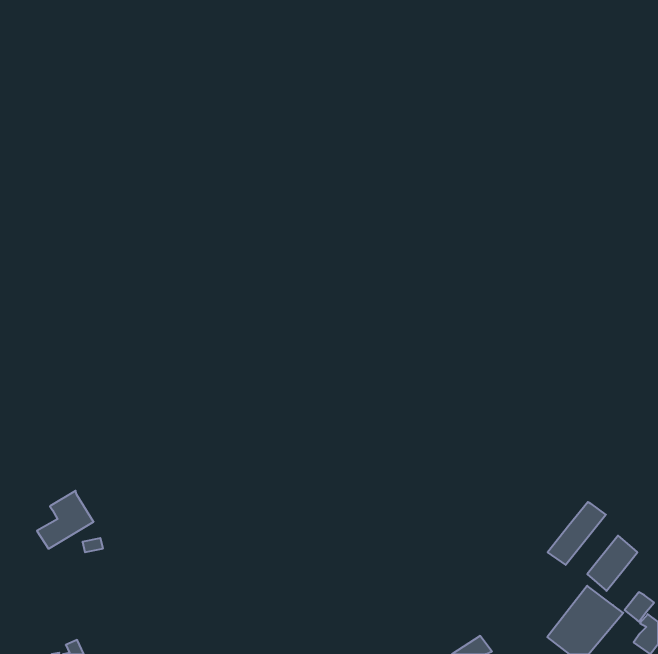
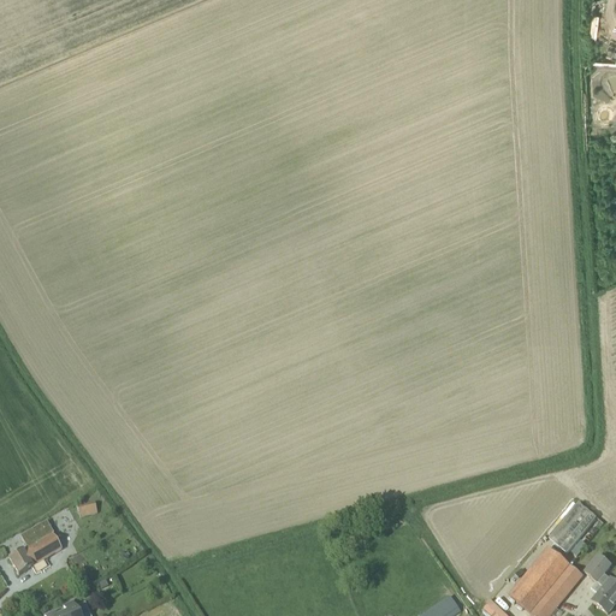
building: [37,491,94,549] -> [7,520,60,574]
building: [548,502,606,565] -> none

